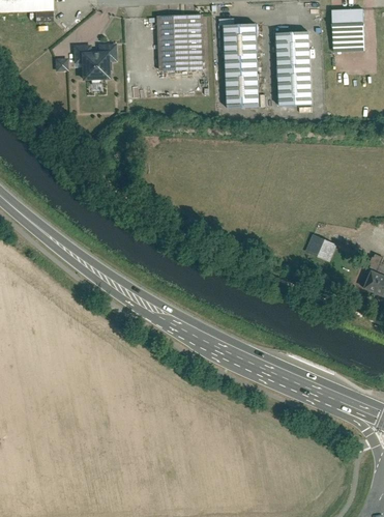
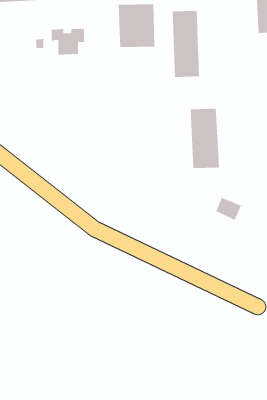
building: [274,30,312,106] -> [190,108,220,169]
building: [304,233,337,262] -> [215,197,242,220]

